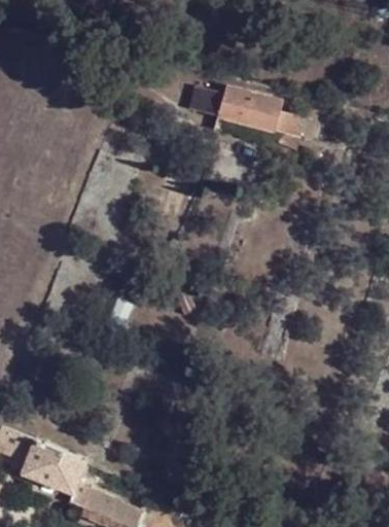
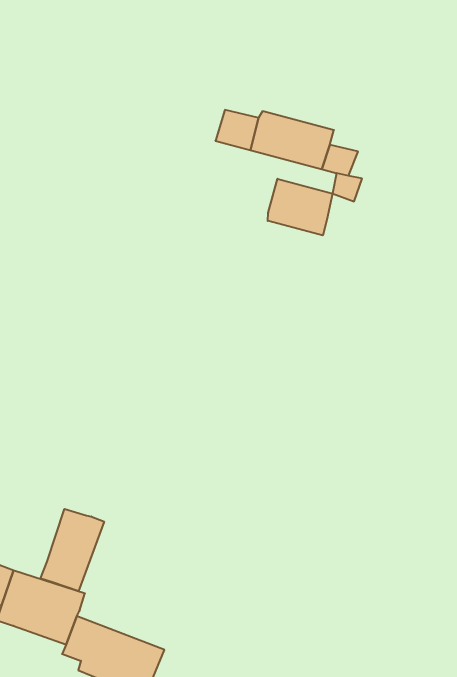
building: none -> [268,179,333,235]
building: none -> [41,509,104,591]

